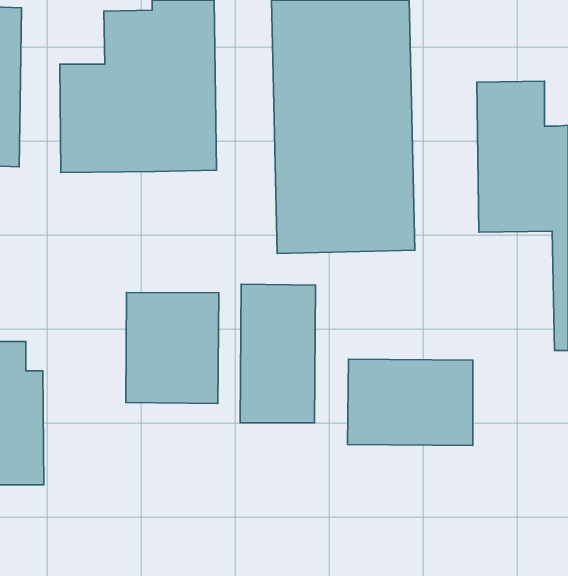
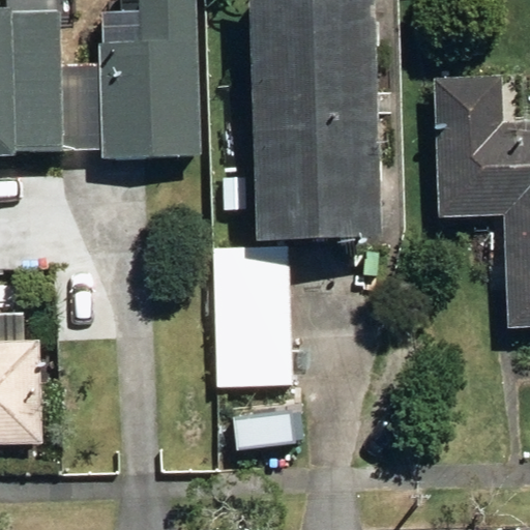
building: [126,293,219,404] -> none
building: [347,359,473,446] -> none

